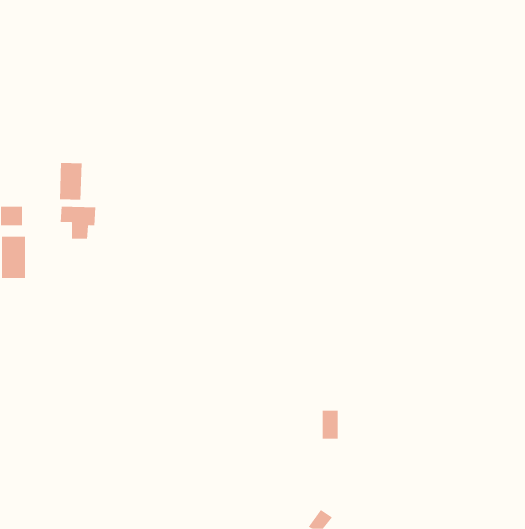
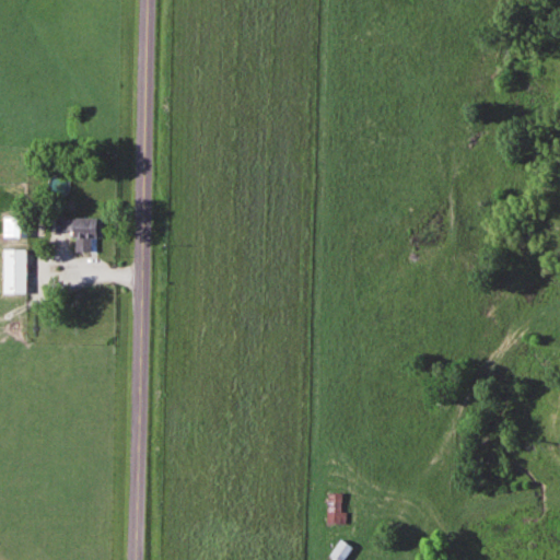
building: [59,162,82,201] -> none
building: [322,410,338,439] -> [325,493,342,524]

